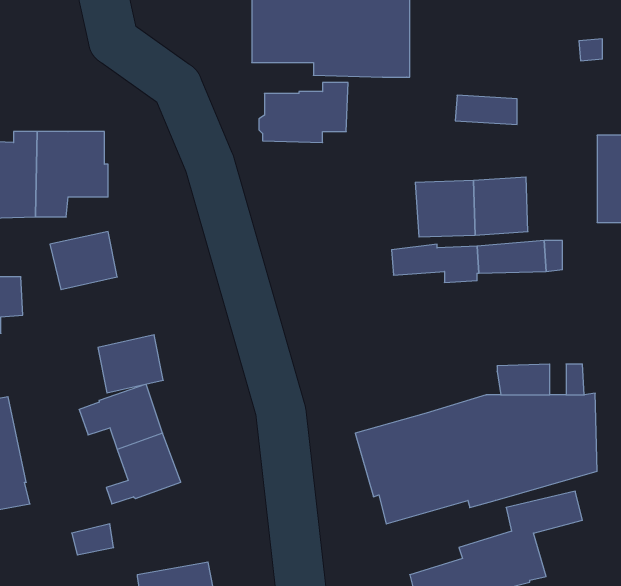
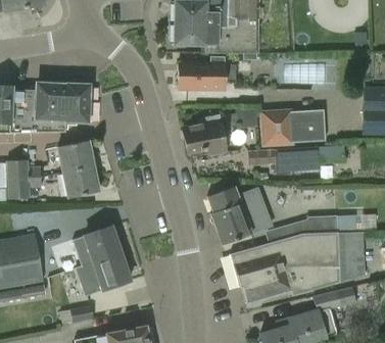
building: none -> [183,107,257,154]
building: none -> [208,186,274,245]
building: [98,335,163,393] -> [63,165,100,198]

